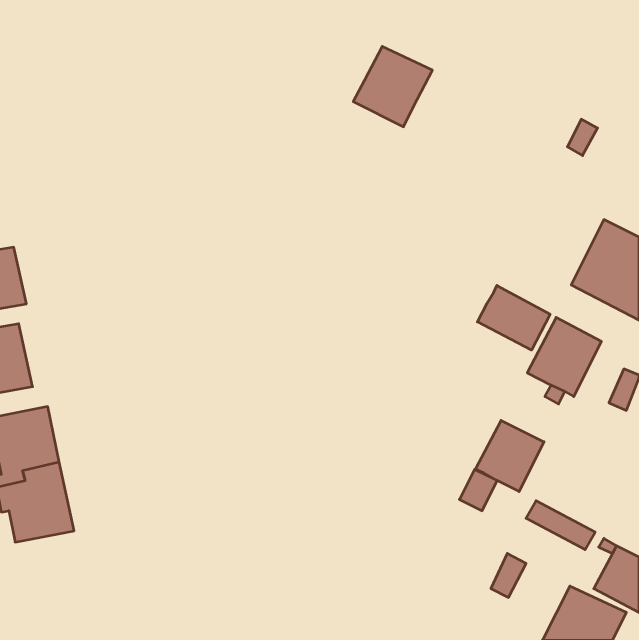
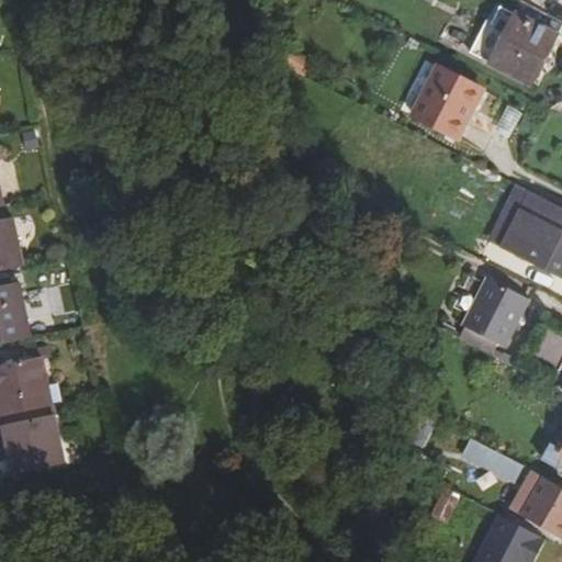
building: none -> [487,12,553,82]
building: [353,46,432,127] -> [411,69,480,139]
building: [477,285,550,350] -> none
building: [475,420,544,492] -> none

